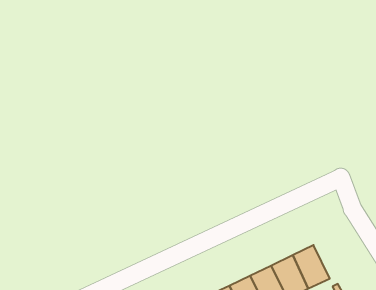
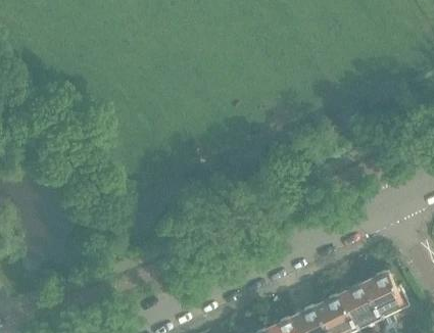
building: none -> [363,270,408,319]

